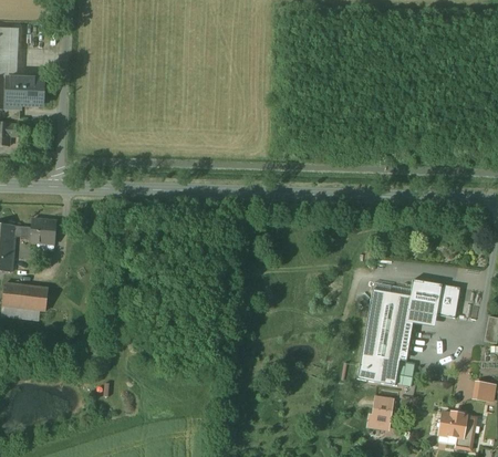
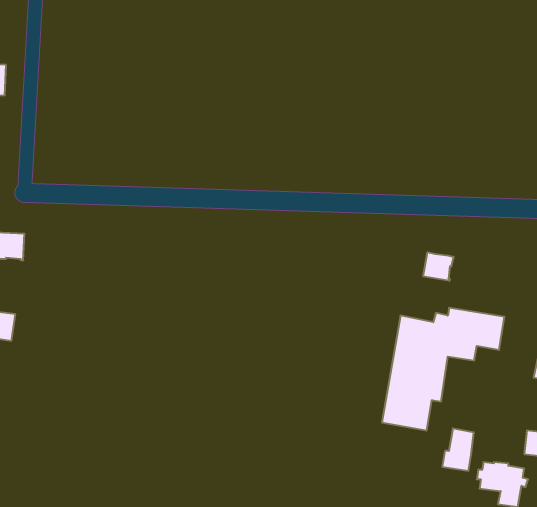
building: none -> [423,252,454,281]
building: [366,394,393,429] -> [442,428,474,471]

